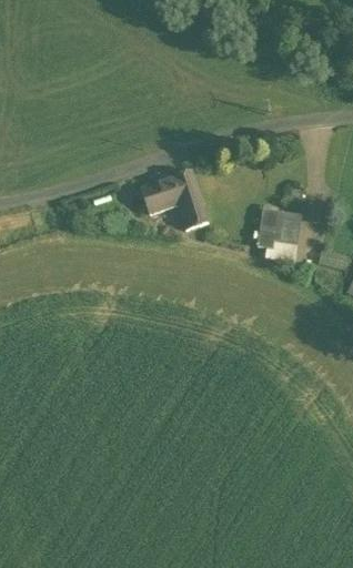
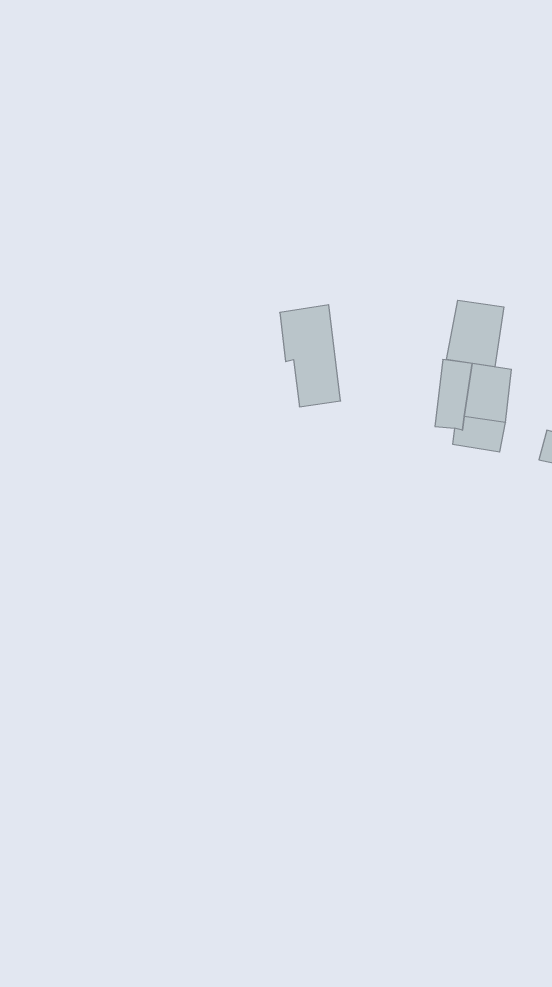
building: none -> [447,300,504,367]
building: [143,181,173,212] -> none

